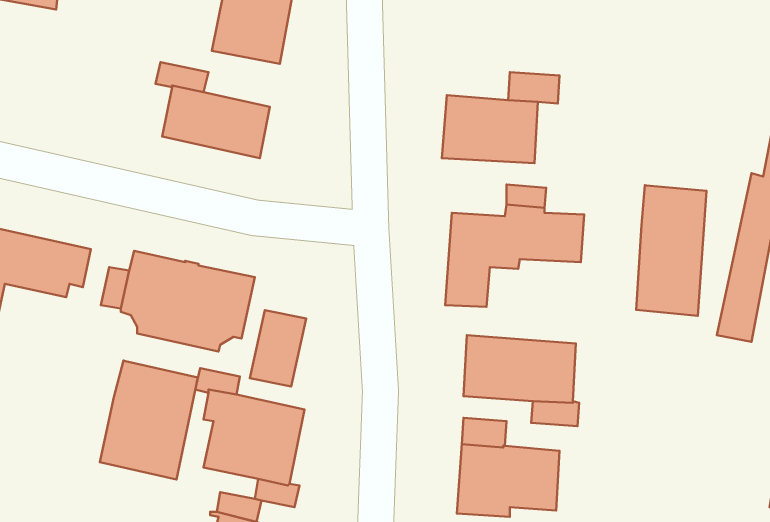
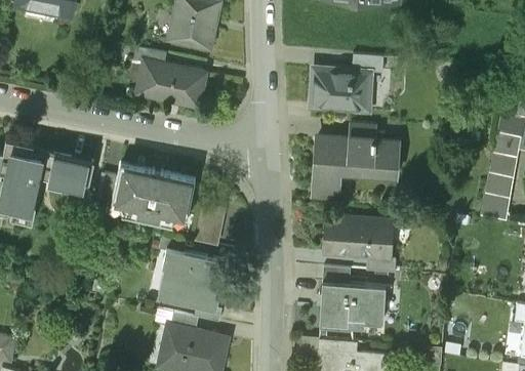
building: [636,185,707,316] -> none
building: [100,361,198,480] -> none

